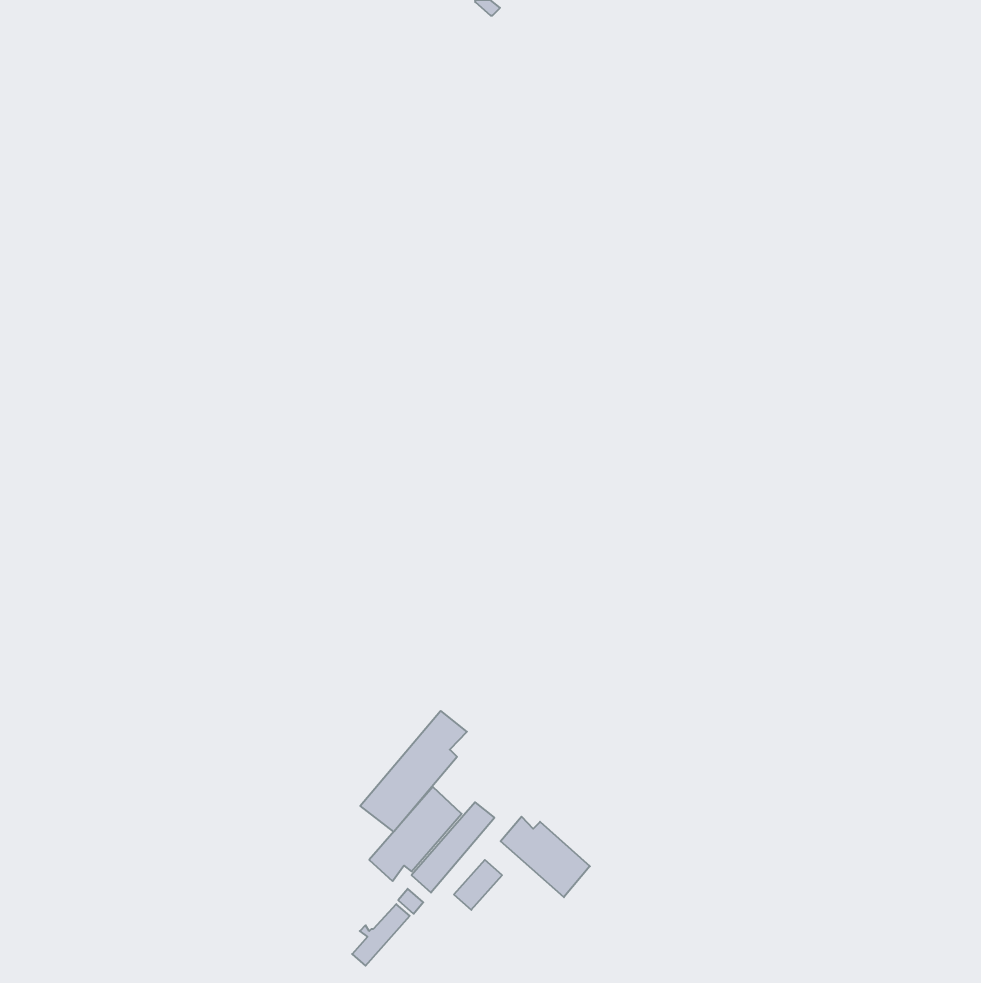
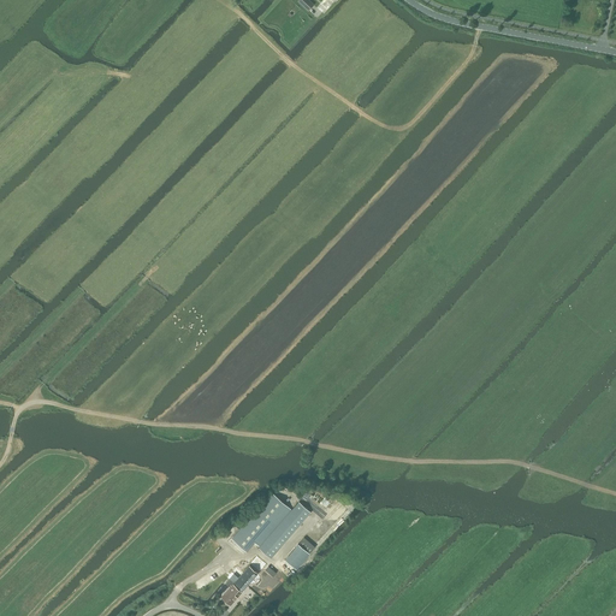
building: [360,711,467,832] -> none
building: [501,817,590,897] -> none

